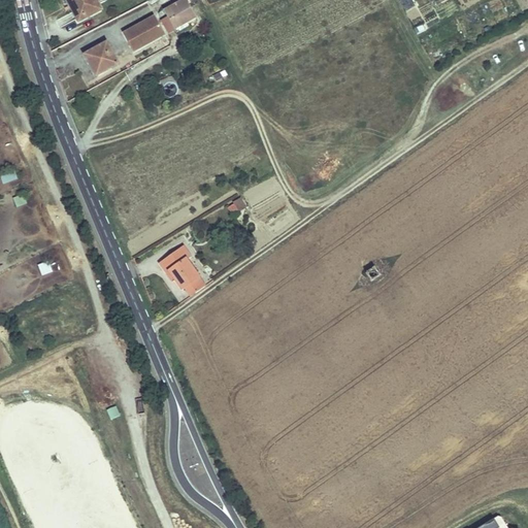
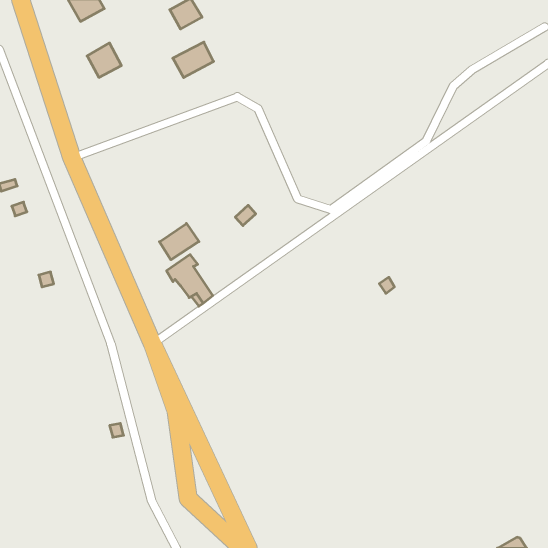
building: [123,15,162,50] -> [173,42,214,78]
building: none -> [159,223,199,260]

